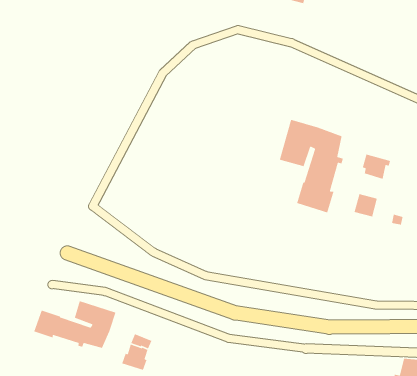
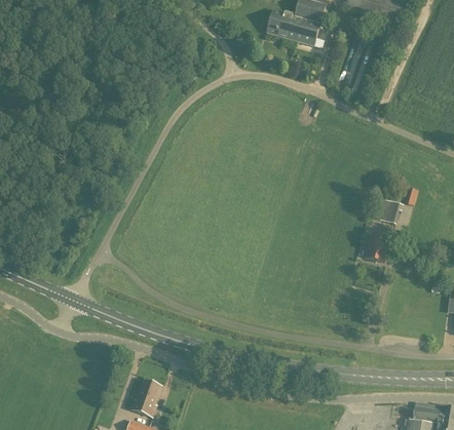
building: [279,119,344,214] -> none
building: [33,300,116,349] -> none

